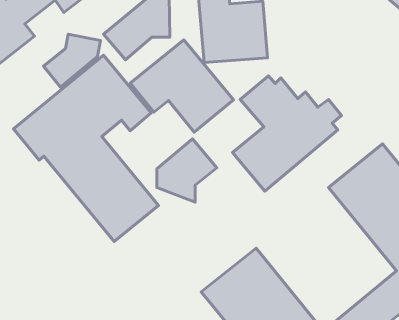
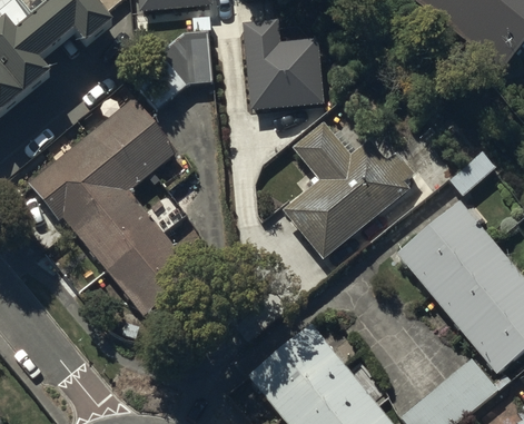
building: [44,34,101,87] -> none
building: [130,40,234,132] -> none
building: [157,139,217,202] -> none

